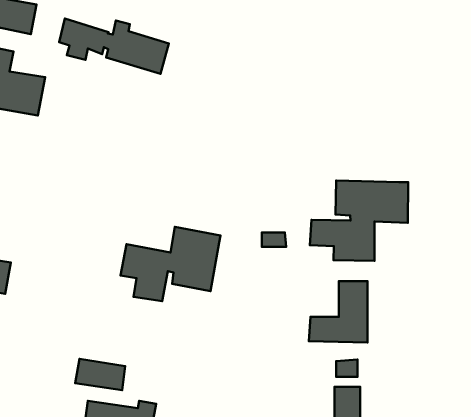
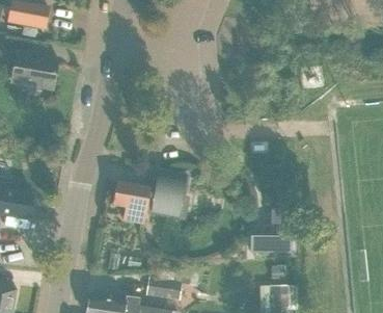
building: [59,18,169,74] -> none
building: [310,180,408,261] -> none
building: [75,359,125,390] -> [144,277,181,299]

